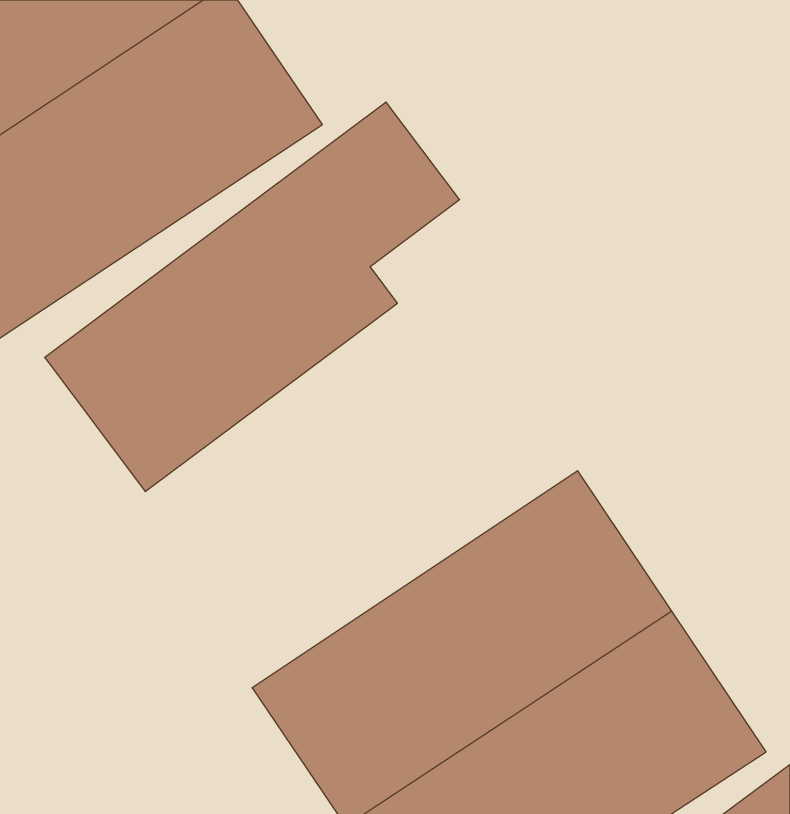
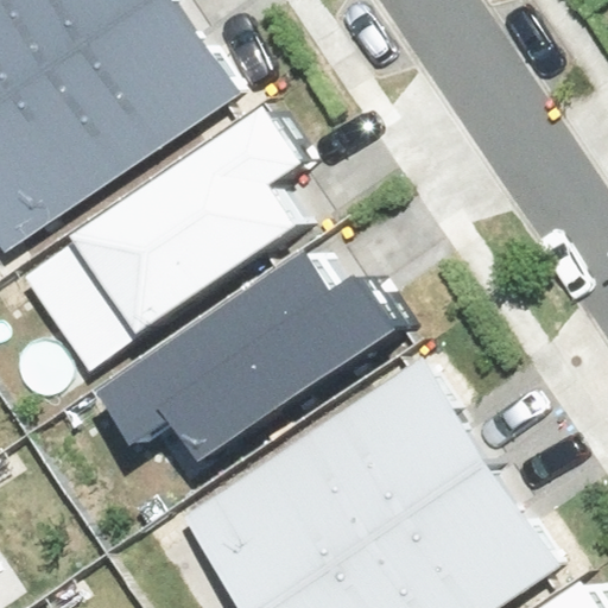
building: none -> [133,266,418,442]

